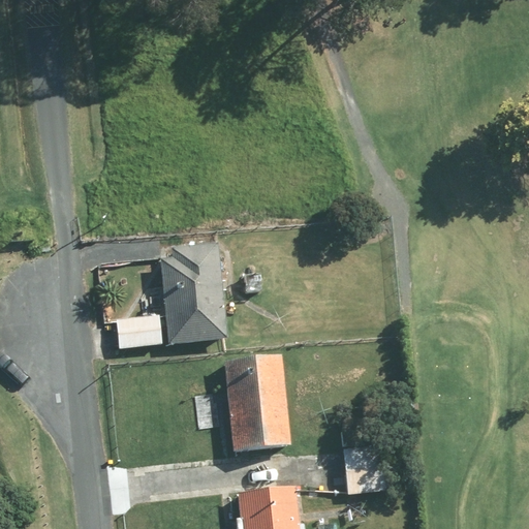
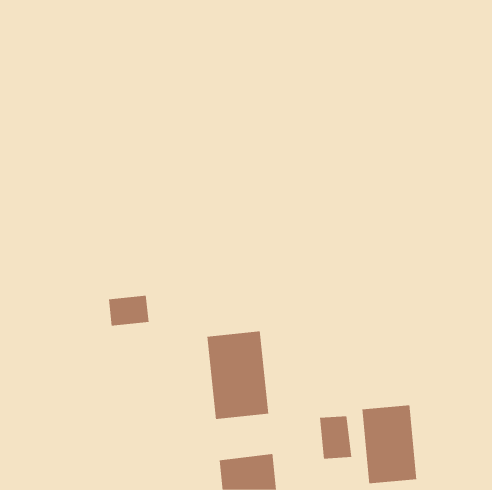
building: [159,245,228,346] -> none
building: none -> [362,405,417,484]

